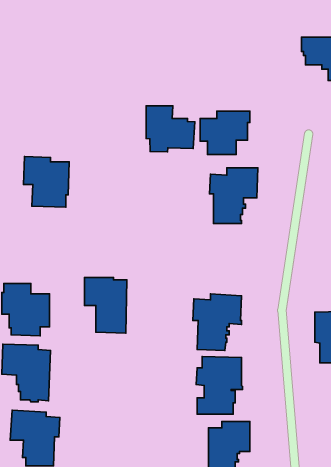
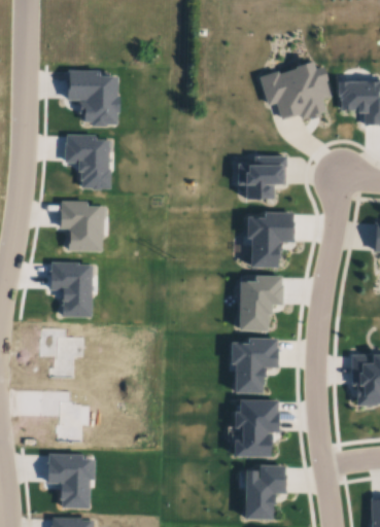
building: none -> [260,59,332,118]
building: none -> [67,68,122,127]
building: none -> [66,134,111,189]
building: [146,106,195,152] -> none
building: none -> [238,275,283,330]
building: [85,278,127,333] -> [51,261,94,317]

